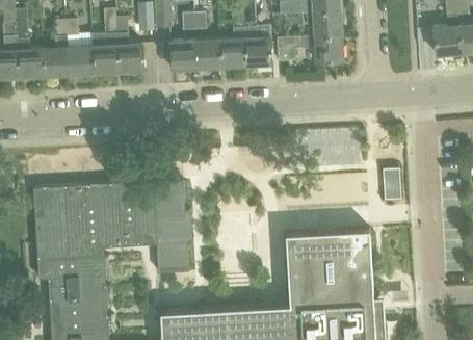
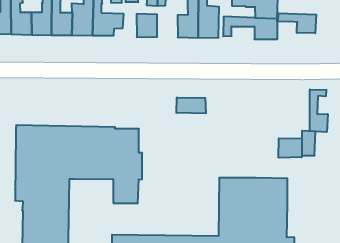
building: none -> [278,13,316,33]
building: [195,41,222,69] -> none
building: none -> [310,89,328,132]
building: none -> [176,97,206,113]
building: none -> [279,138,302,158]

